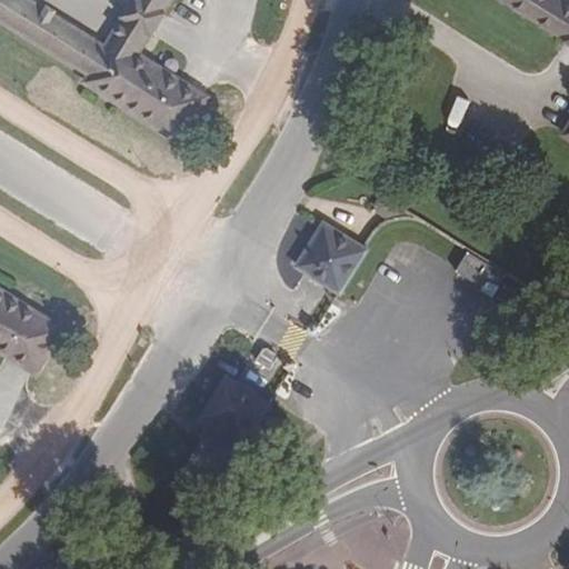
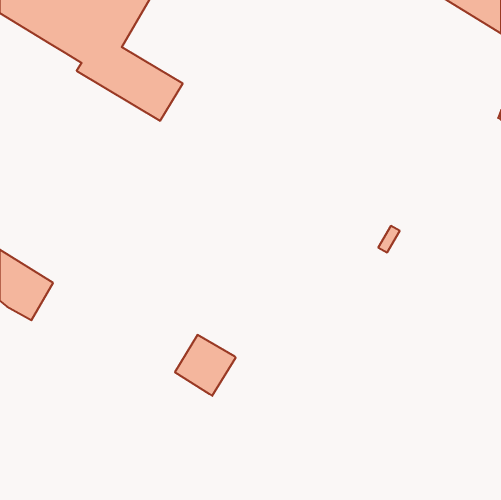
building: [296,223,363,290] -> none

